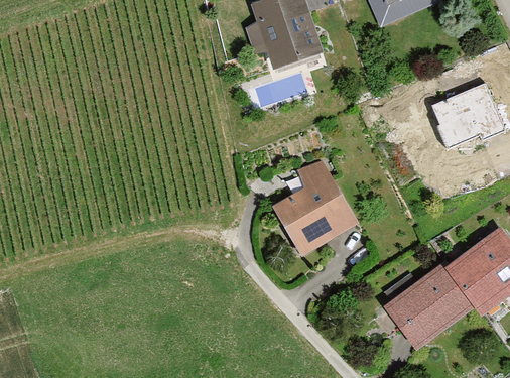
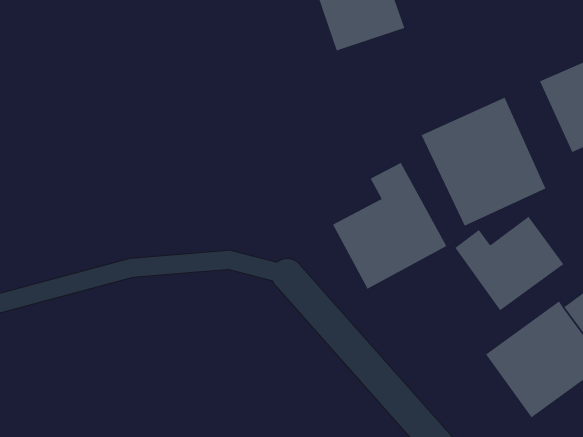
building: none -> [421,97,546,227]
building: none -> [455,216,564,311]

